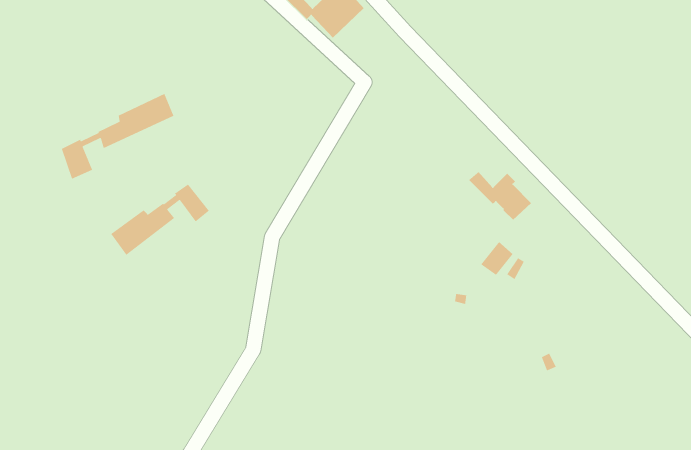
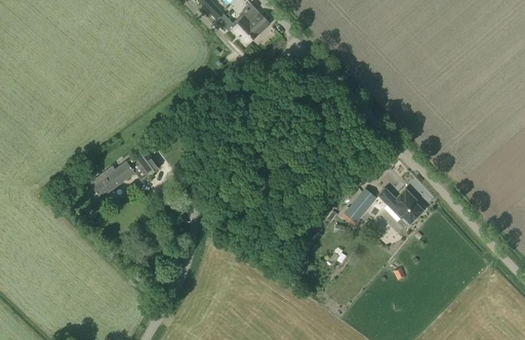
building: [61,93,174,180] -> none
building: [468,171,532,220] -> [377,187,422,222]

